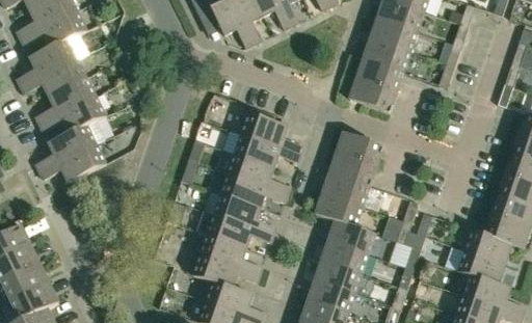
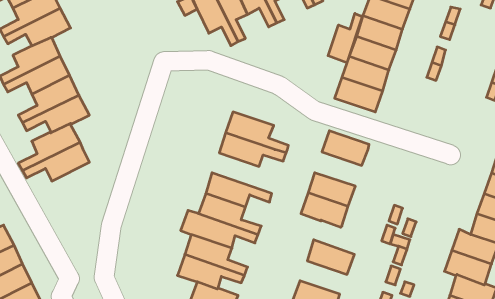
building: none -> [328,13,362,63]
building: [328,152,375,186] -> none
building: [227,153,289,193] -> none
building: [327,219,375,253] -> none
building: [314,260,361,293] -> none

